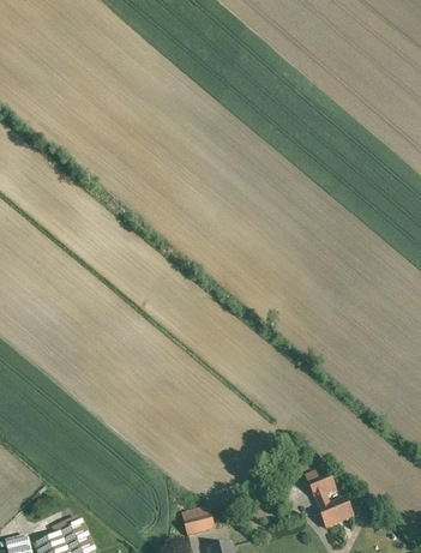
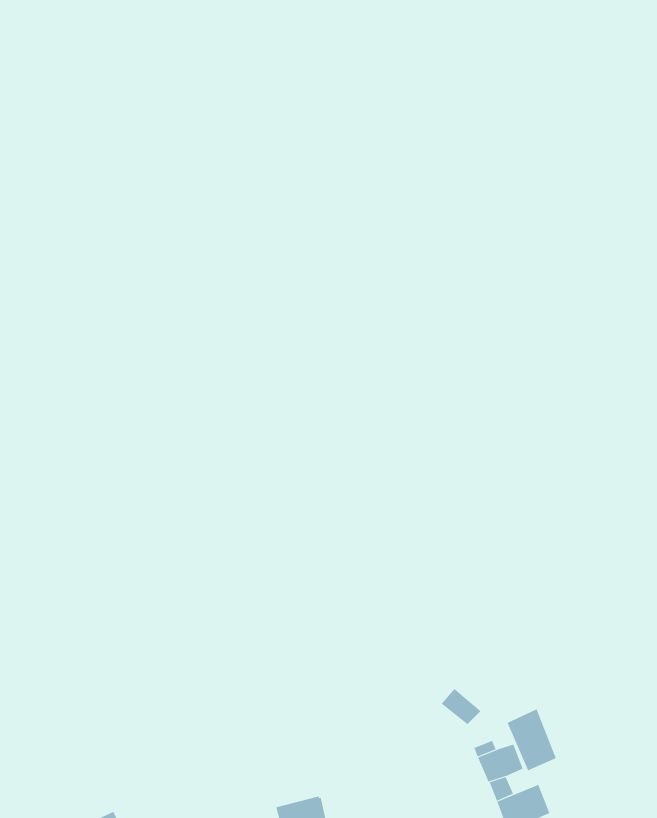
building: none -> [507,709,556,771]

